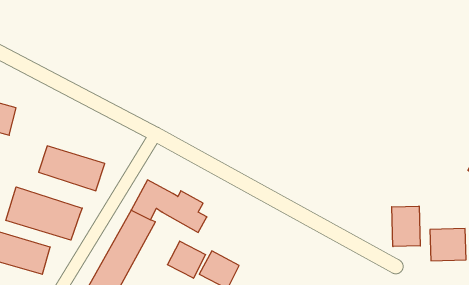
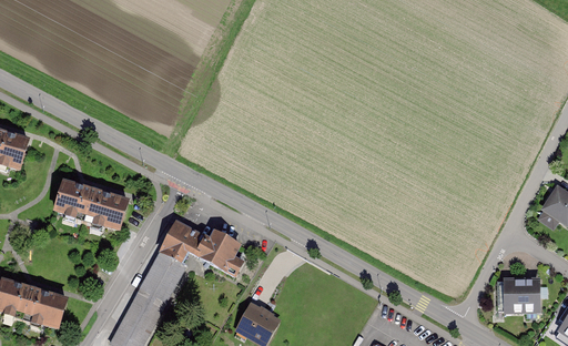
building: [6,187,82,240] -> none
building: [392,206,420,247] -> none
building: [167,241,206,278] -> none

